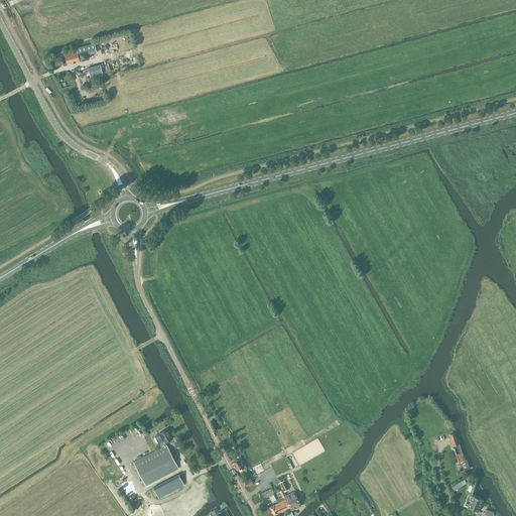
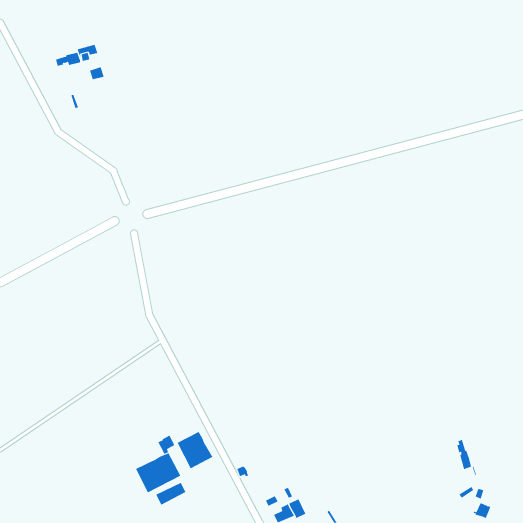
building: none -> [177,431,213,469]

